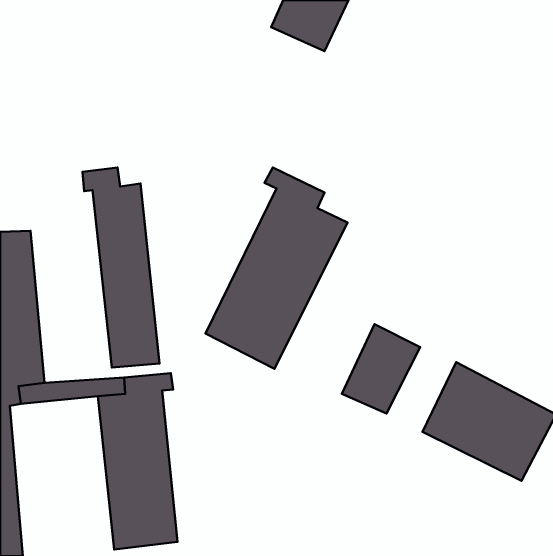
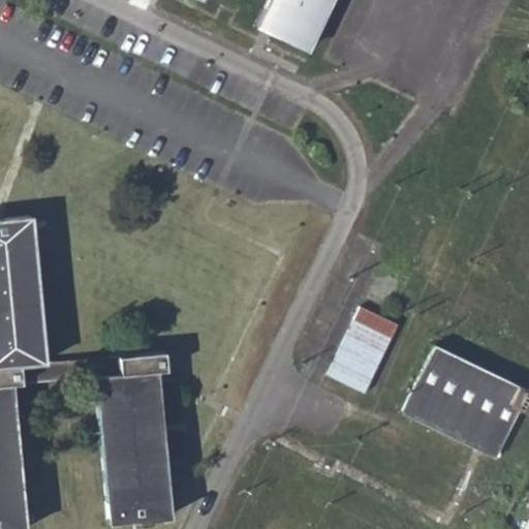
building: [205,167,348,369] -> none
building: [82,167,160,367] -> none

